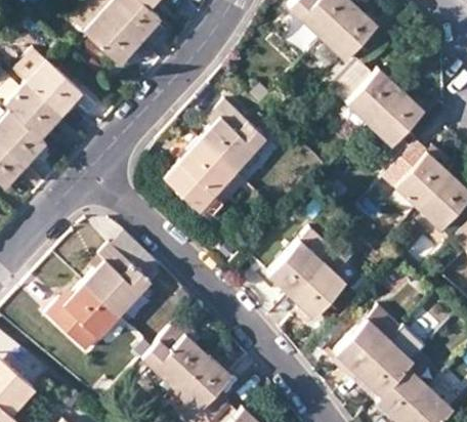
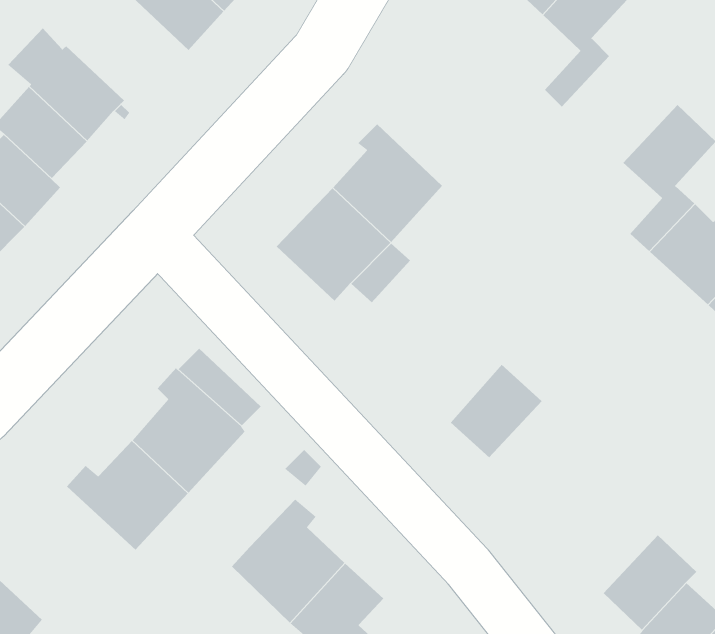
building: [335,66,401,127] -> none
building: [293,264,346,318] -> none
building: [337,308,402,375] -> none

